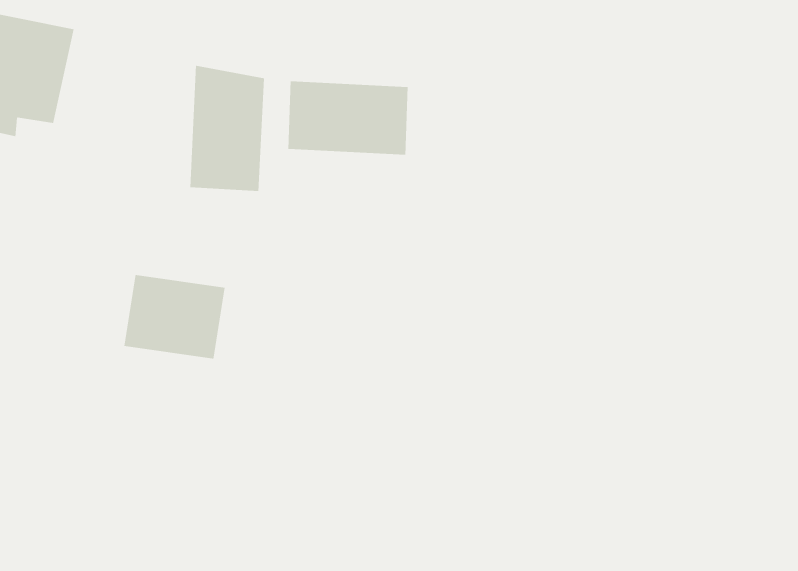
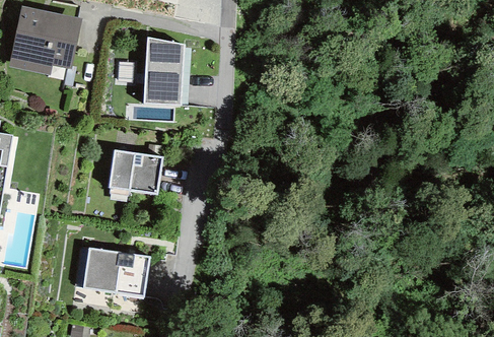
building: [288,81,408,155] -> none
building: none -> [82,248,149,296]

